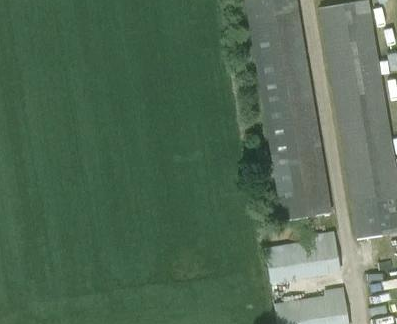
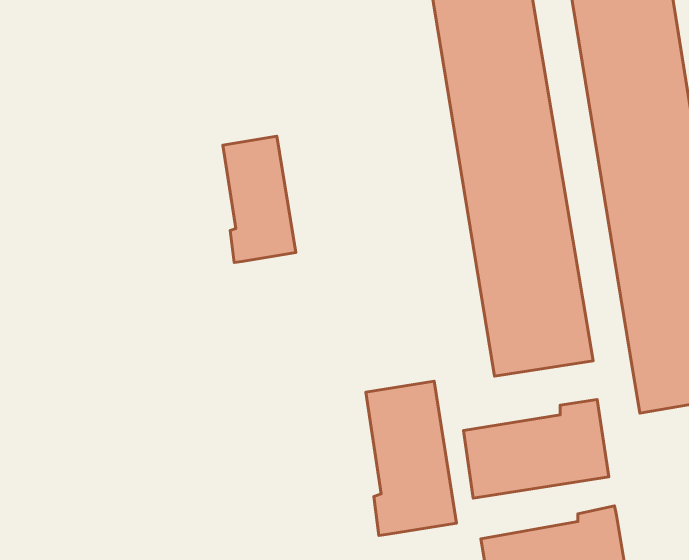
building: none -> [223,136,296,263]
building: none -> [366,381,456,535]

